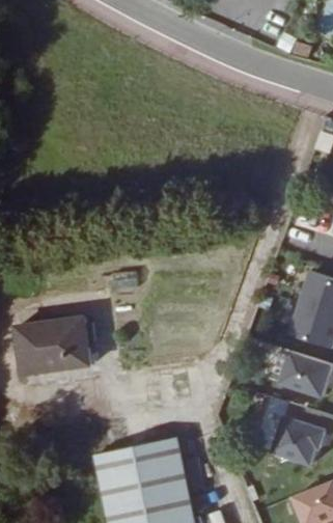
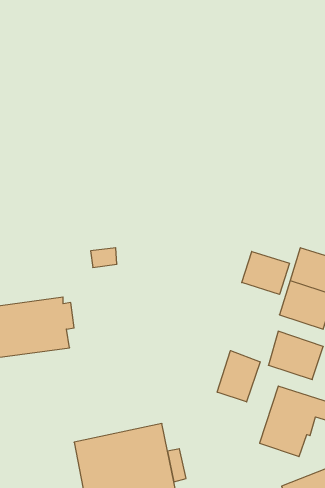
building: none -> [242,251,289,294]
building: none -> [217,351,260,402]

